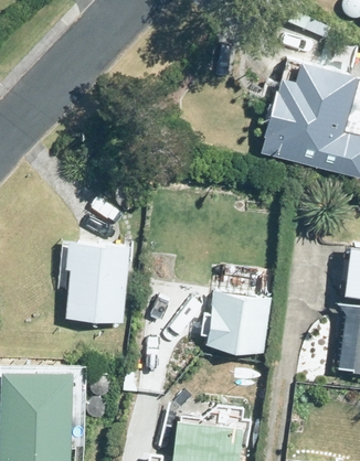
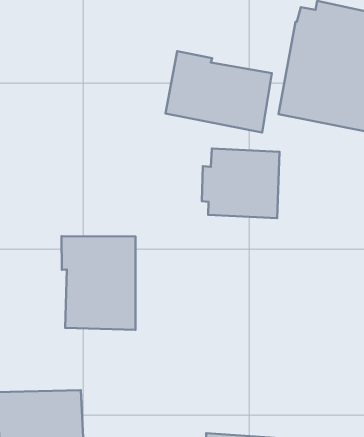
building: none -> [165,51,272,132]
building: [201,290,271,354] -> [202,148,280,218]

